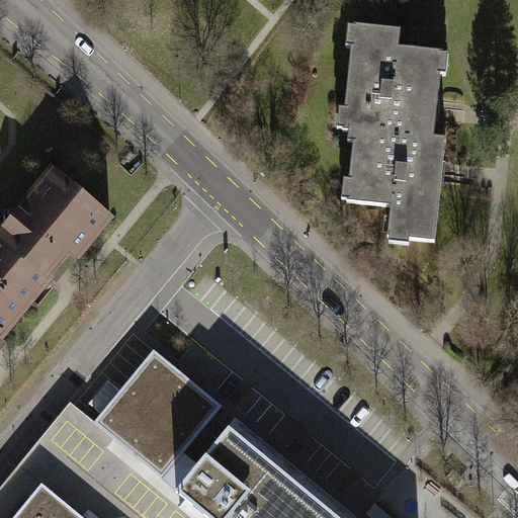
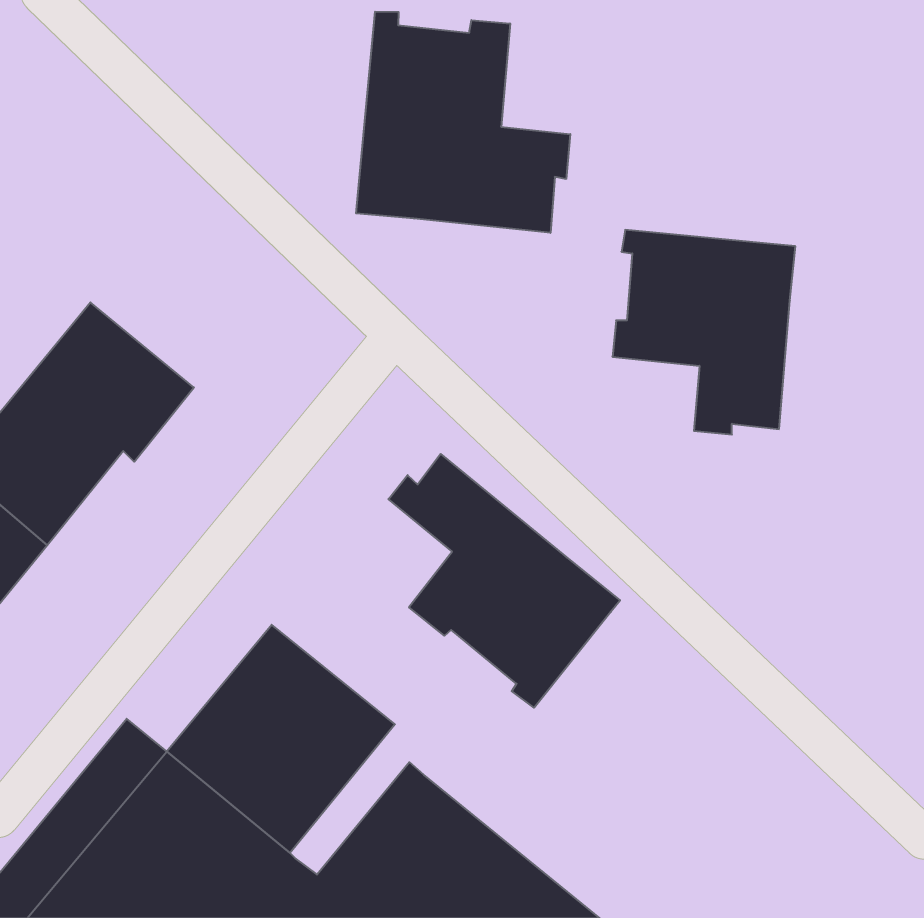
building: none -> [356,12,570,233]
building: [337,23,448,137] -> none
building: none -> [388,454,620,708]

